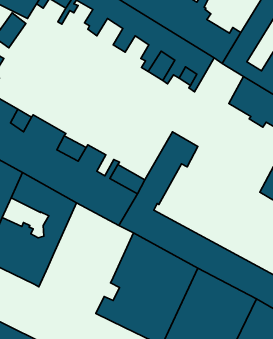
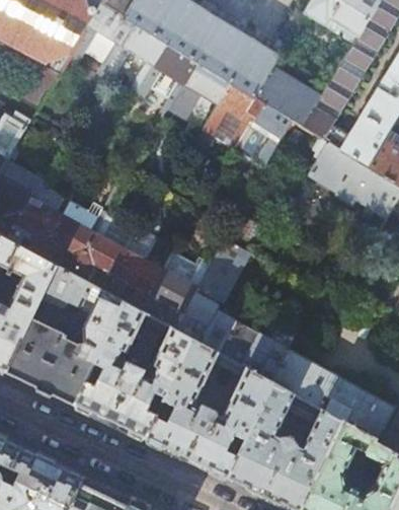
building: none -> [74,300,191,438]

